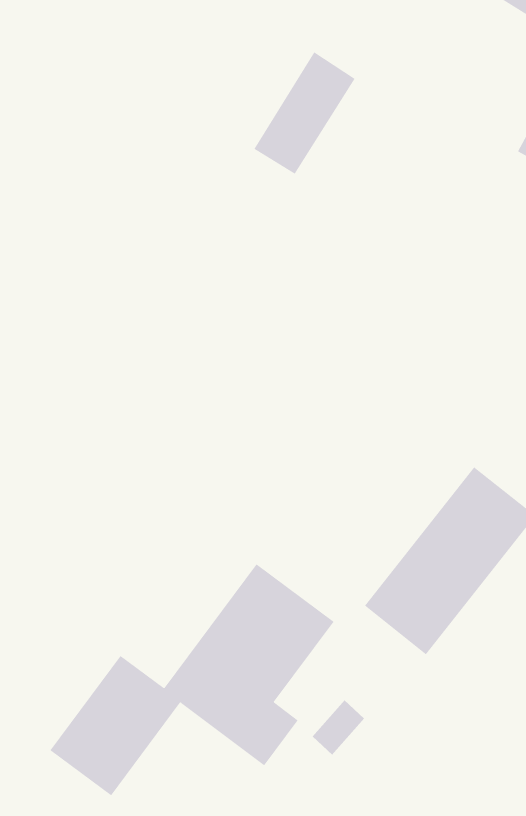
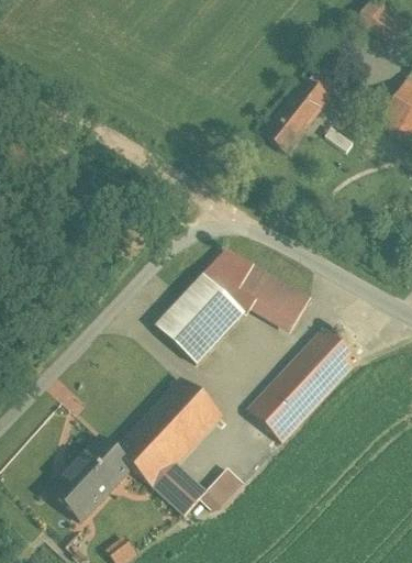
building: [254,51,355,175] -> [259,74,329,152]
building: none -> [160,257,309,360]

